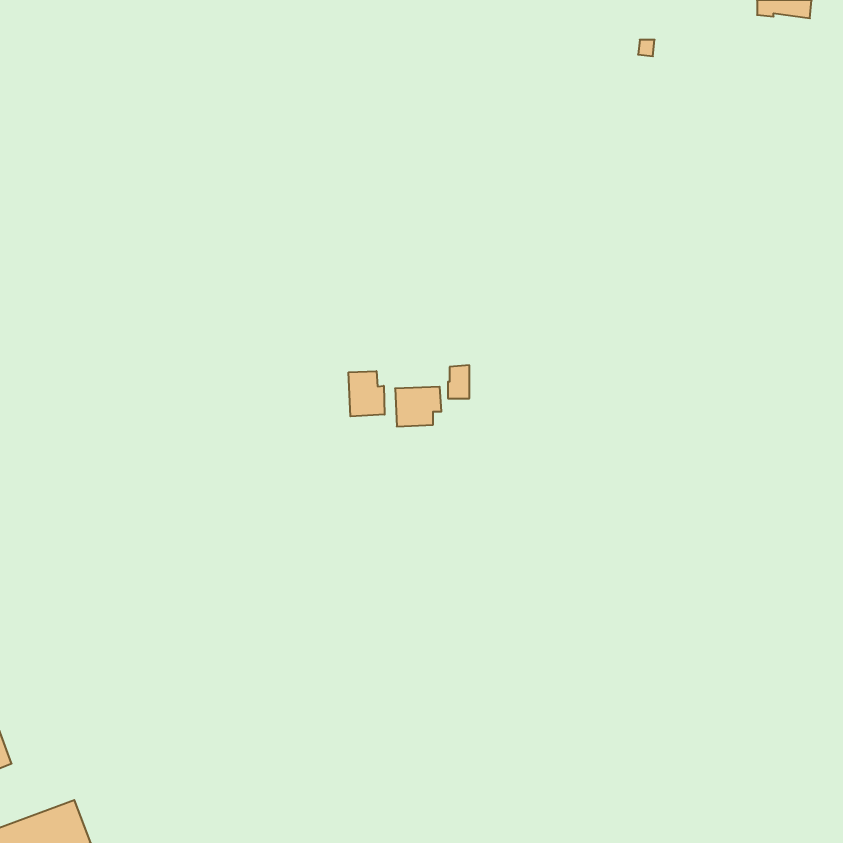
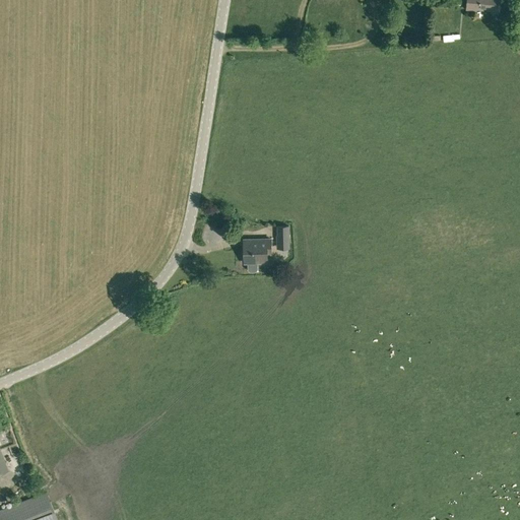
building: [349,371,385,416] -> none

